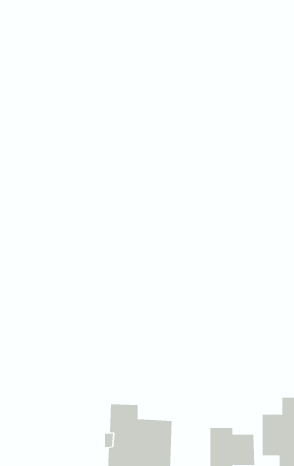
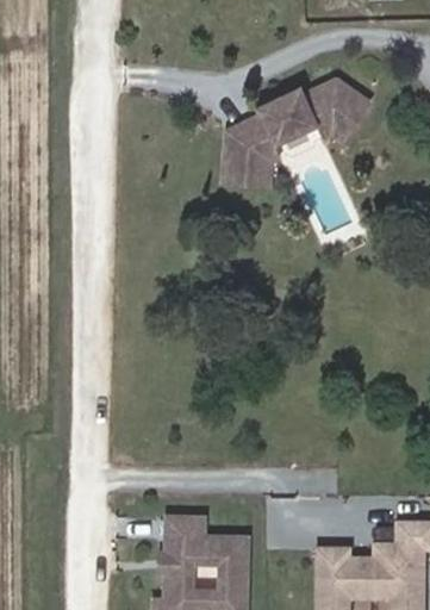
building: none -> [222,83,368,188]

